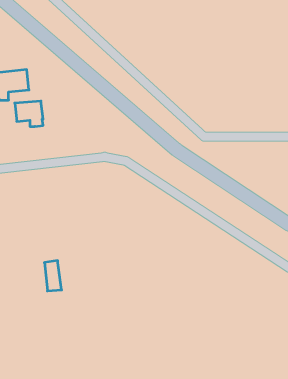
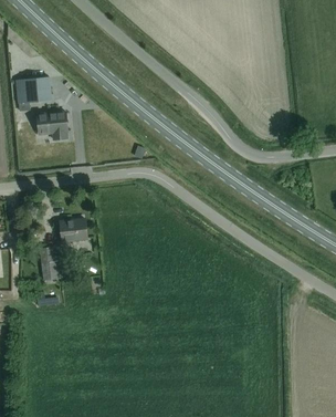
building: none -> [60,218,87,241]
building: [44,261,62,291] -> [40,247,59,280]

